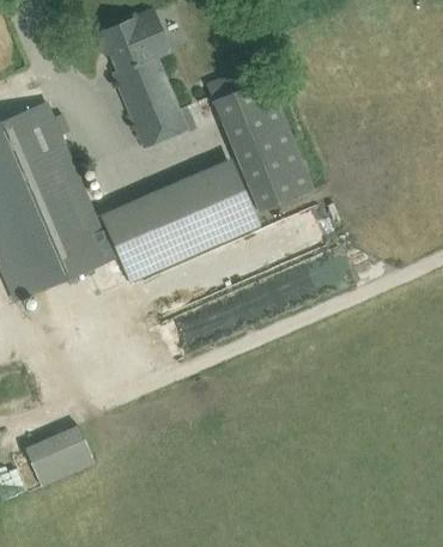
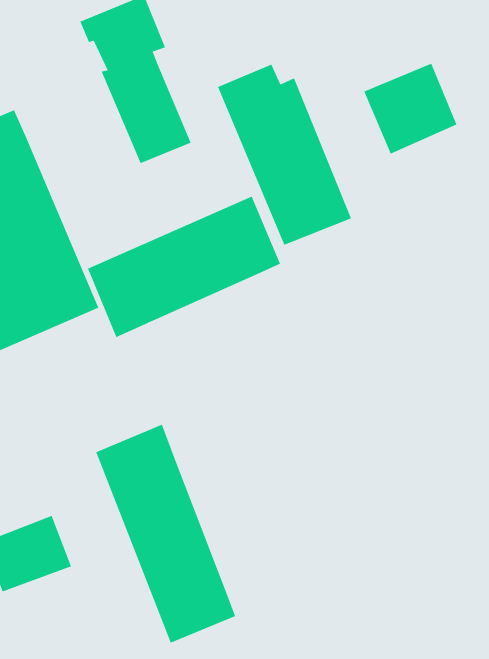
building: none -> [364,63,457,155]
building: none -> [96,424,236,644]

